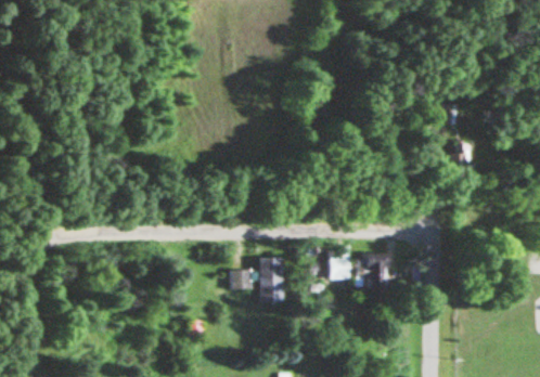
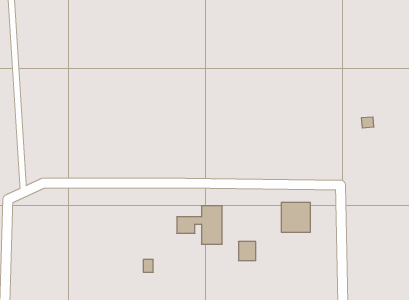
building: [330,256,350,278] -> [238,242,256,261]

